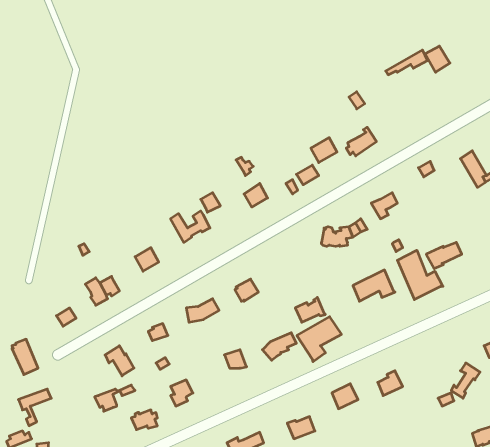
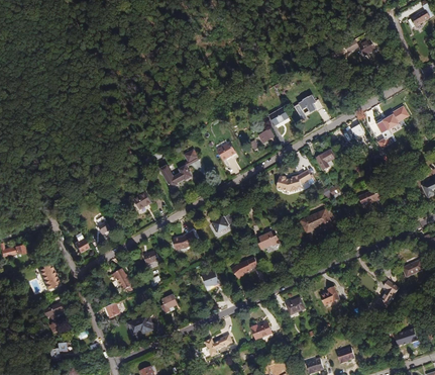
building: [397,250,443,300] -> none
building: [297,317,341,362] -> none

